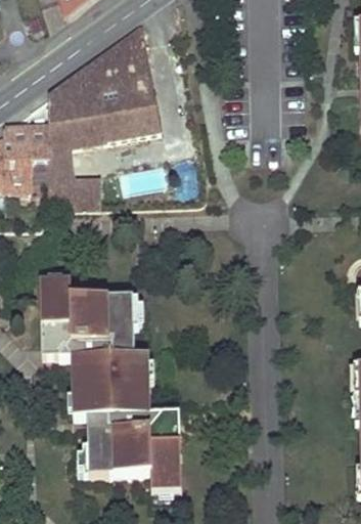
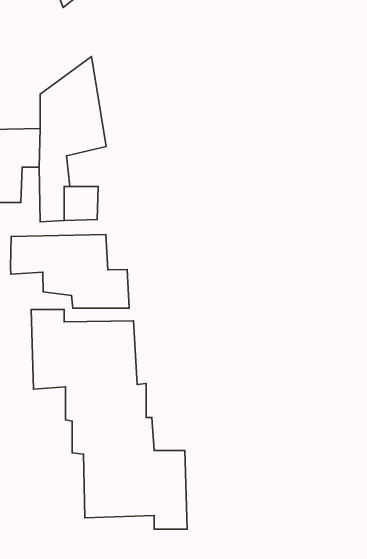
building: [93,19,160,137] -> none
building: none -> [11,235,129,308]

